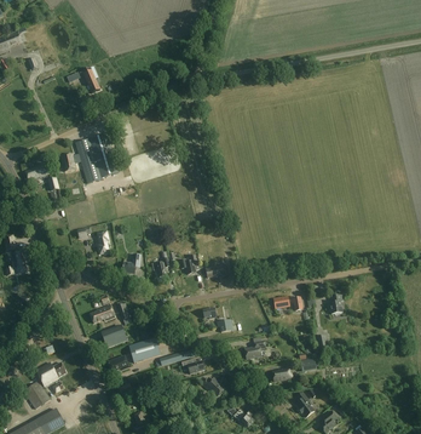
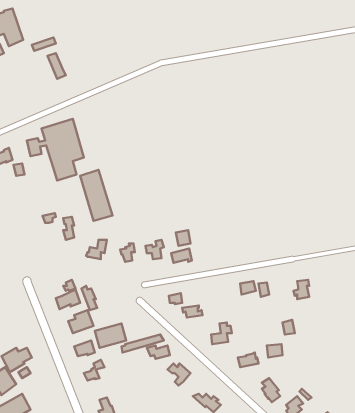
building: none -> [80,170,113,221]

